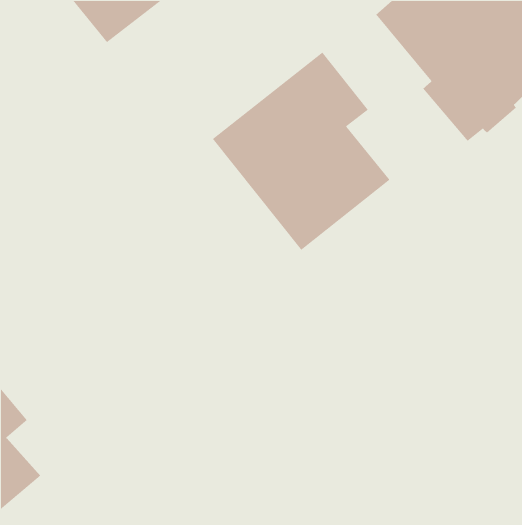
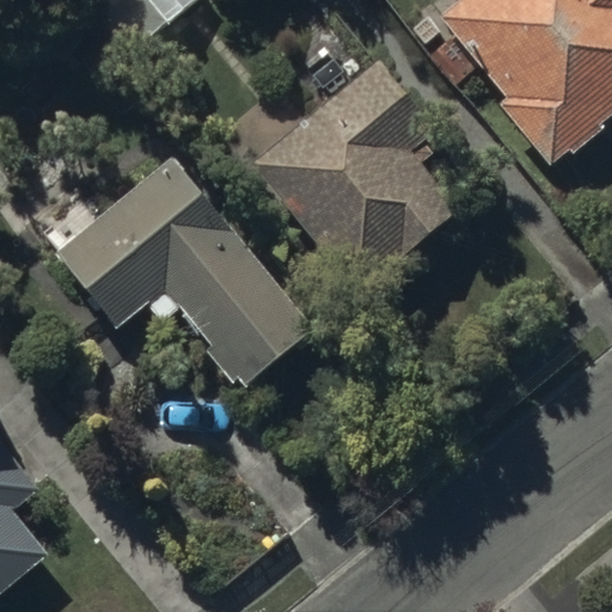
building: none -> [56,155,312,386]

